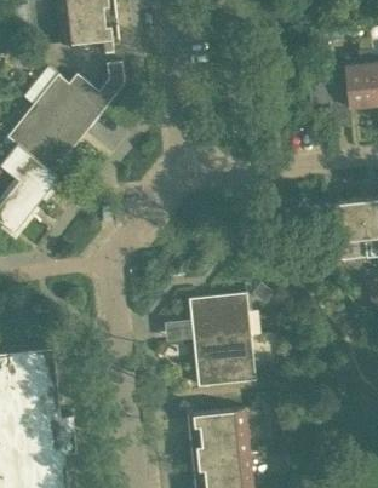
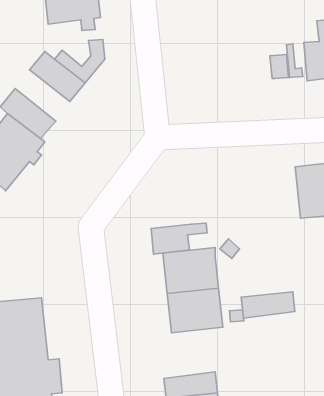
building: [25,96,86,153] -> none
building: none -> [151,223,207,254]
building: [188,409,247,438] -> [241,292,295,318]

